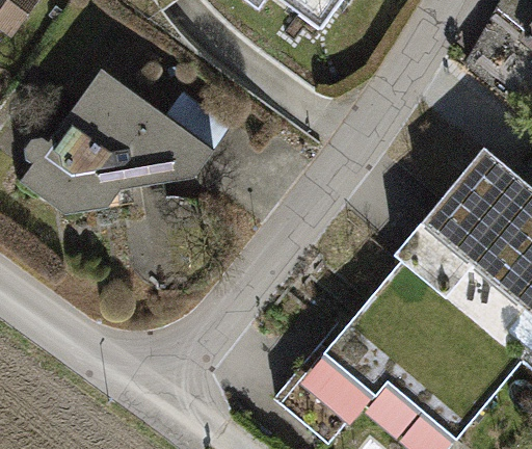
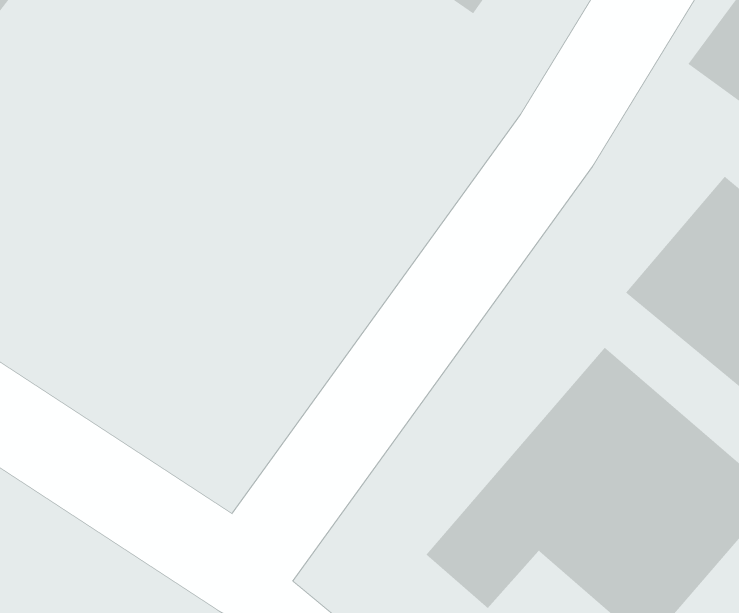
building: [24,69,216,215] -> none

